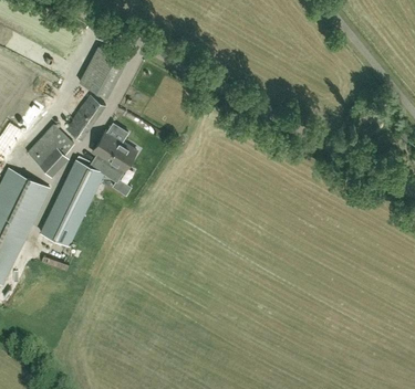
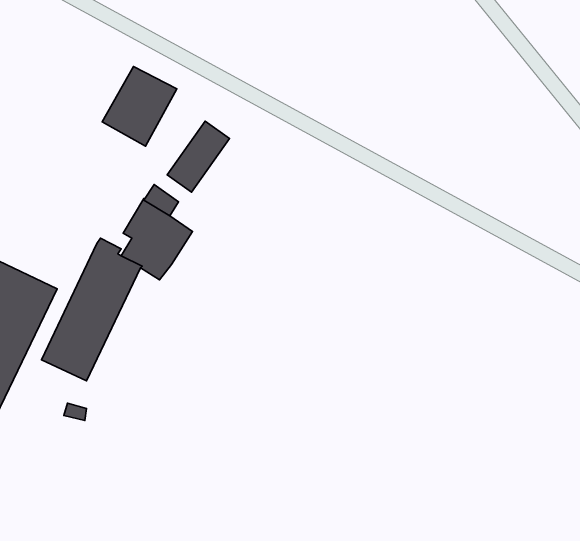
building: [65,95,105,140] -> [167,121,230,192]
building: [27,125,73,176] -> none

